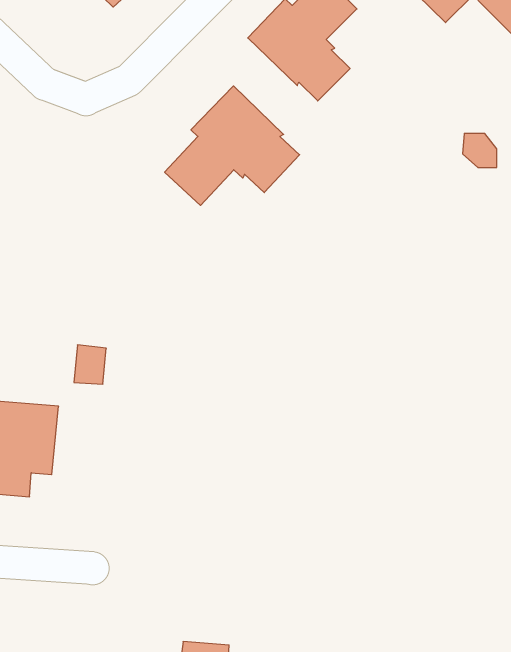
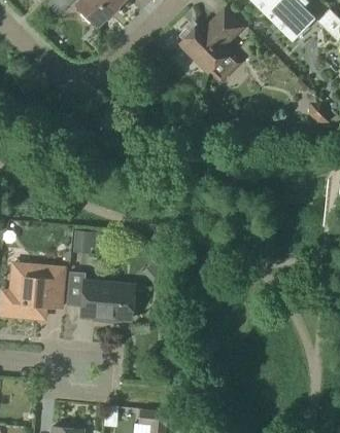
building: [165,86,300,205] -> none
building: none -> [66,272,132,320]

